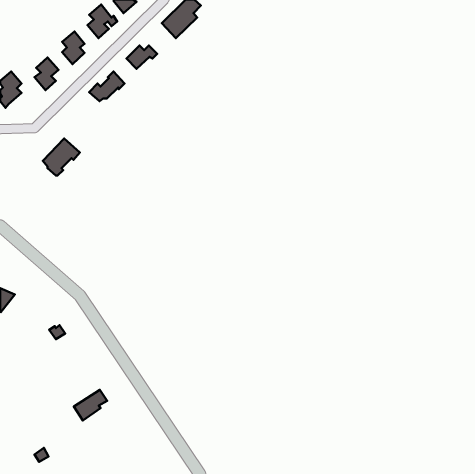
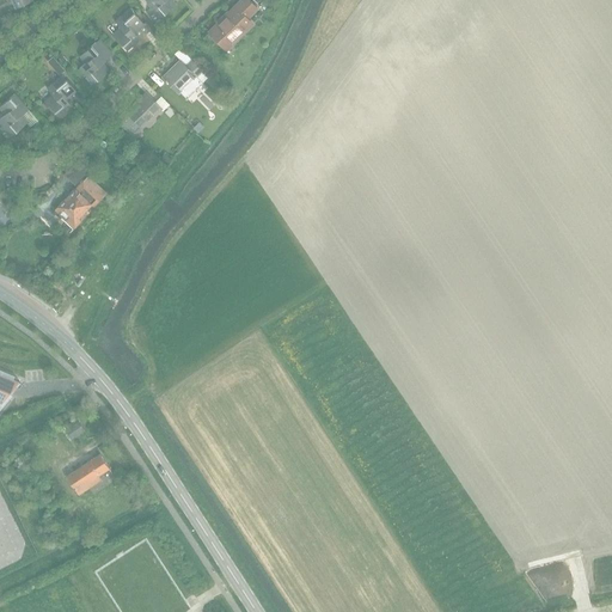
building: [74,390,107,420] -> [66,453,109,492]

